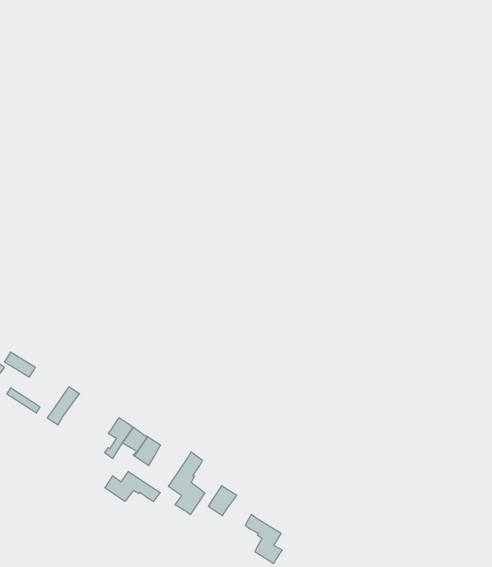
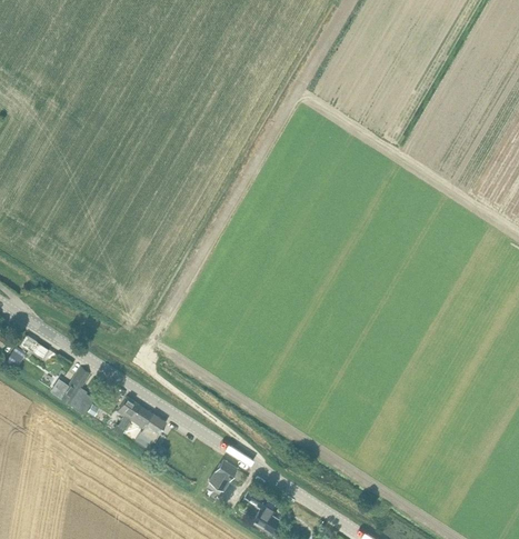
building: [168,452,205,515] -> none
building: [105,471,160,502] -> none

